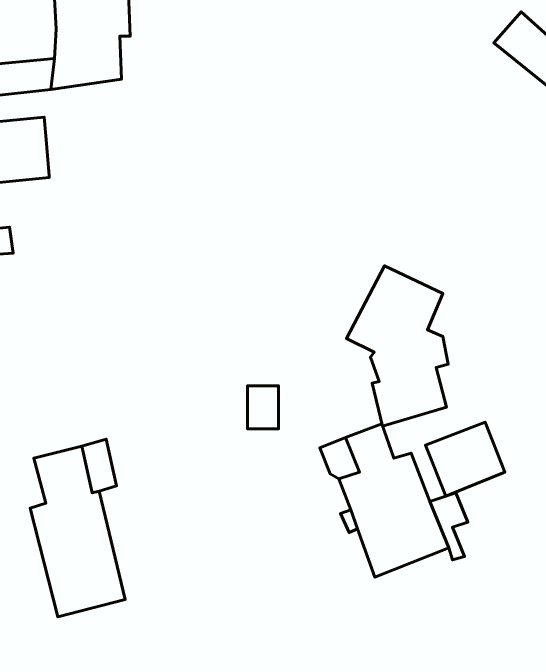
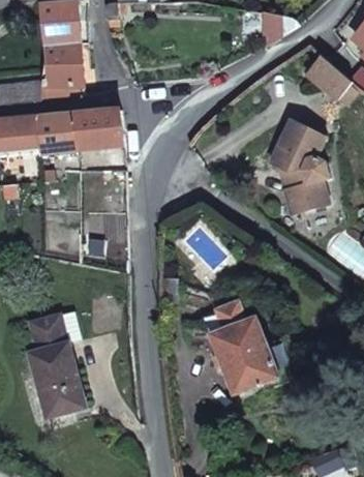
building: none -> [36,109,123,153]
building: [346,266,448,426] -> [268,118,329,214]
building: [426,422,505,496] -> none

